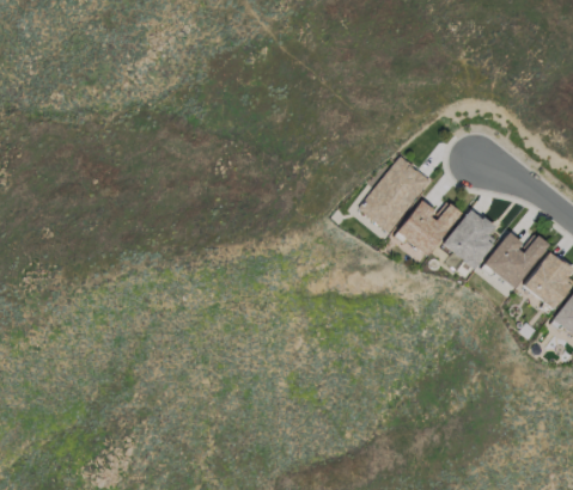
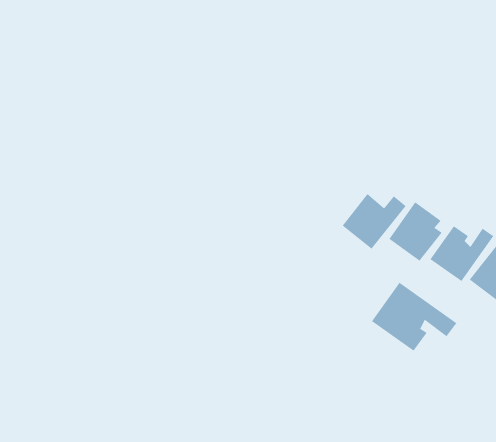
building: [359,157,429,234] -> none
building: none -> [371,282,457,352]

